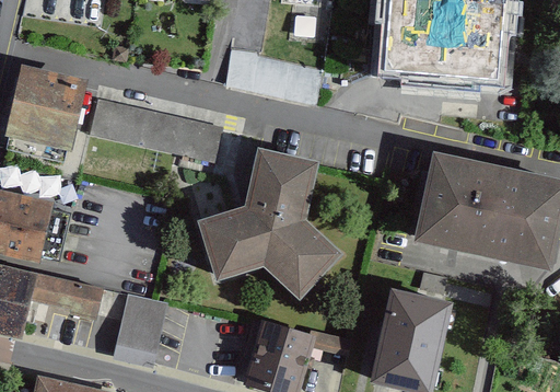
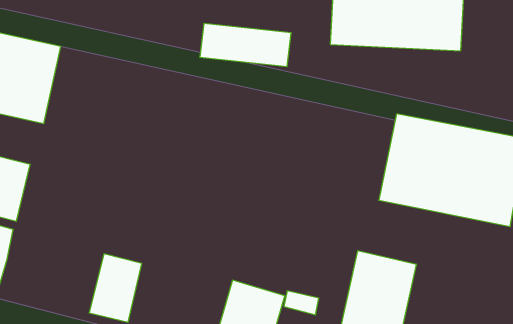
building: [89,100,224,164] -> none
building: [195,150,346,302] -> none
building: [28,268,103,314] -> none

